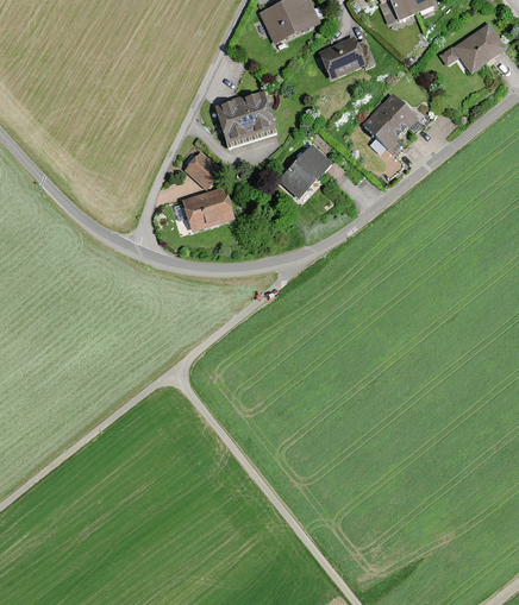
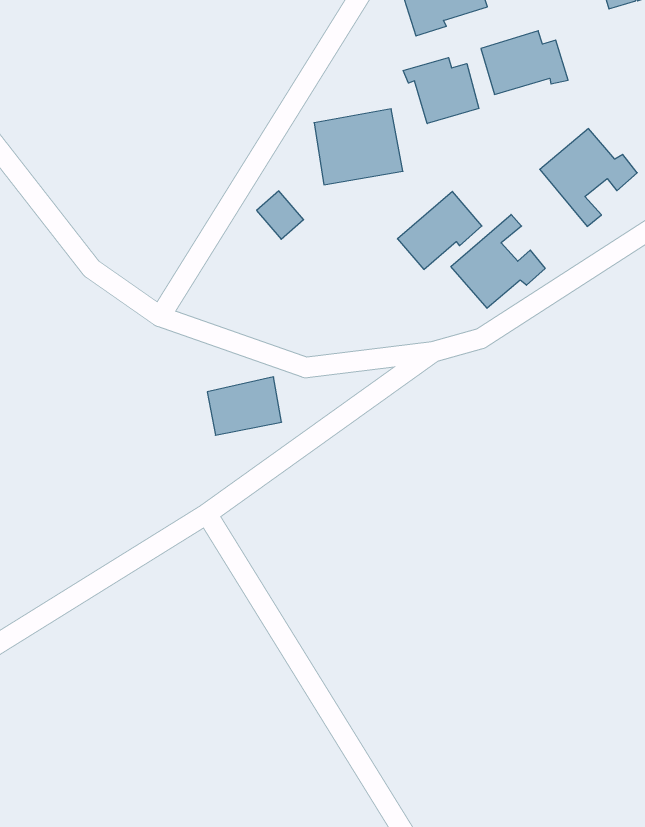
building: none -> [403,58,479,124]
building: none -> [451,214,545,308]
building: [181,189,231,231] -> [207,377,282,435]

